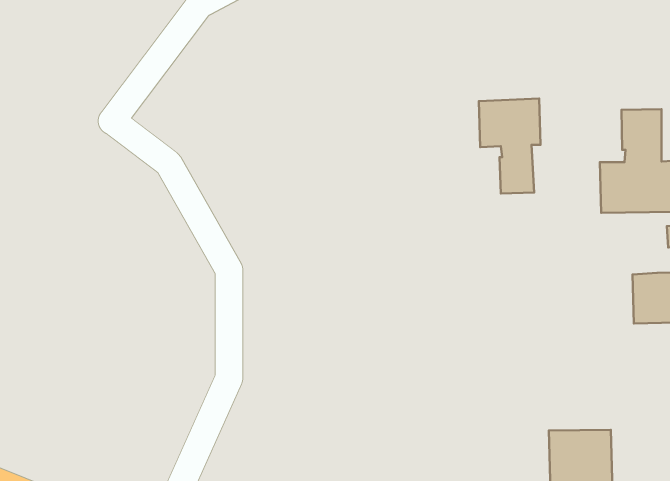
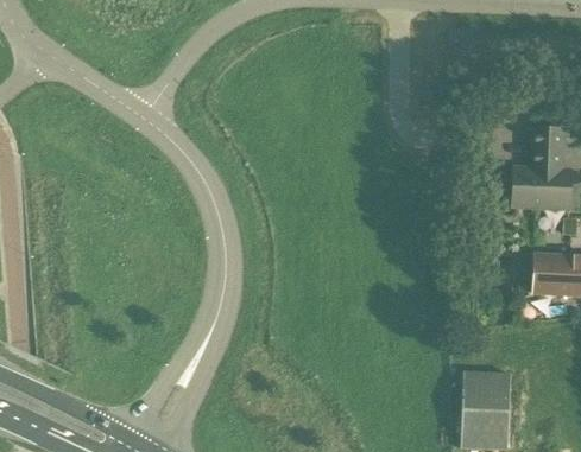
building: [479,99,540,194] -> none

